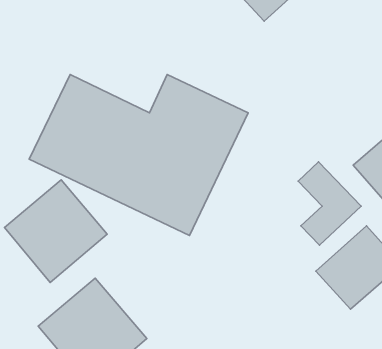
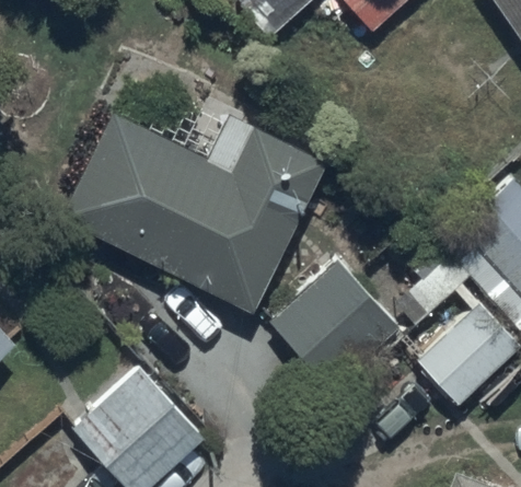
building: [4,180,107,282] -> none
building: none -> [275,264,397,385]

